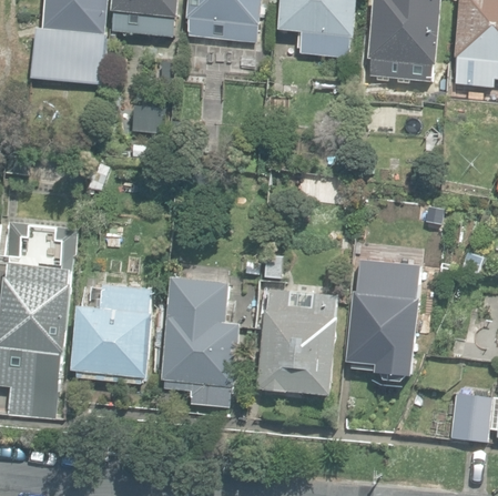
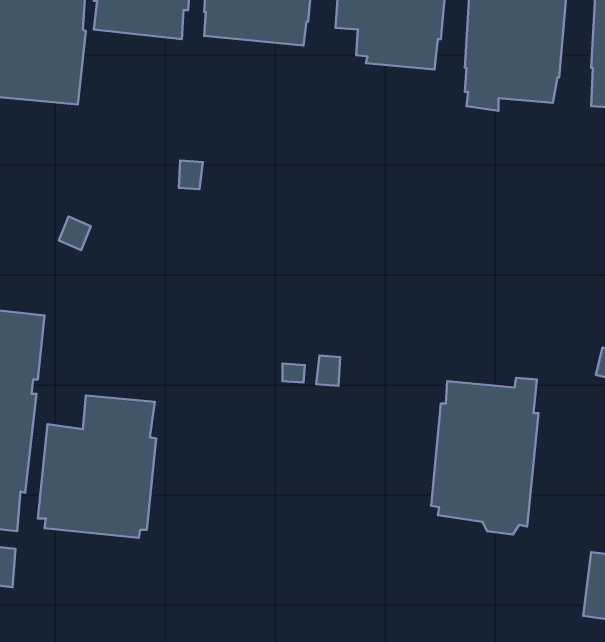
building: [160,276,241,399] -> none
building: [256,289,336,393] -> none

